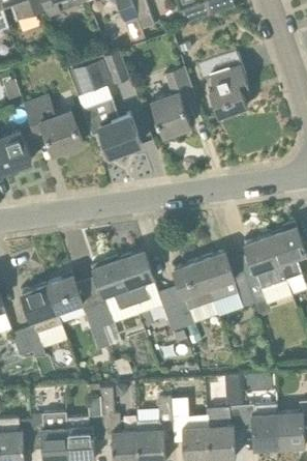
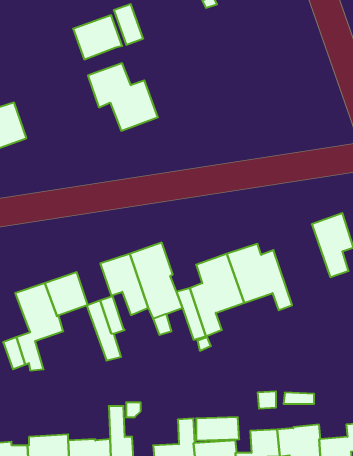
building: [201,55,249,118] -> none
building: [151,68,195,137] -> none
building: [24,97,83,154] -> none
building: [239,235,286,304] -> none

